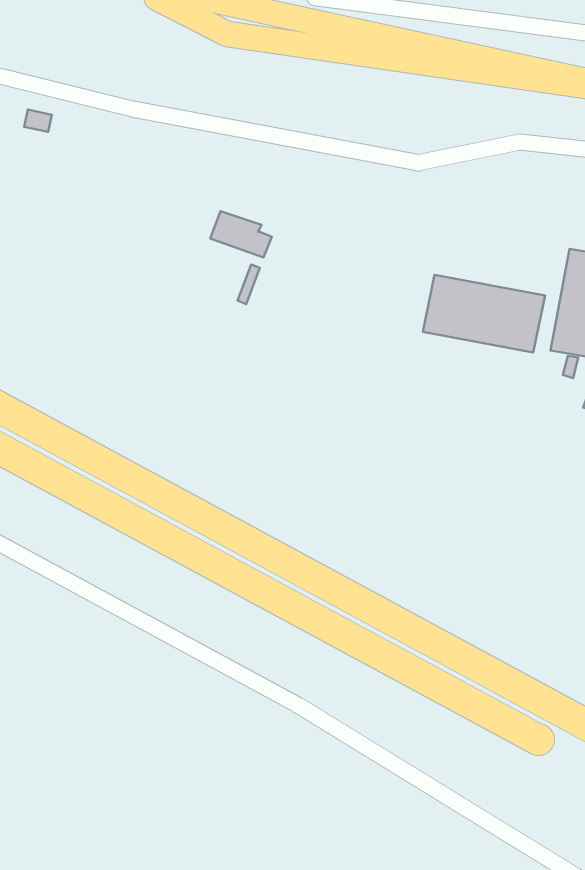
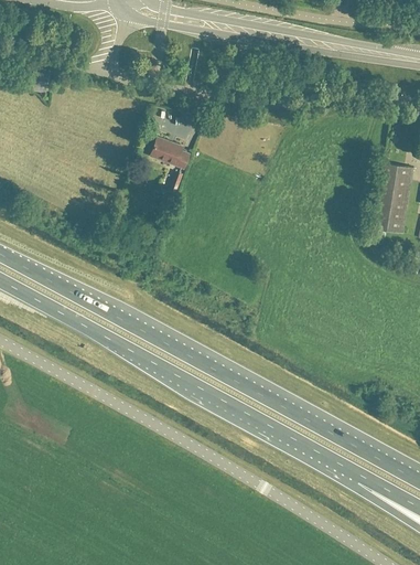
building: [423,275,545,353] -> none

